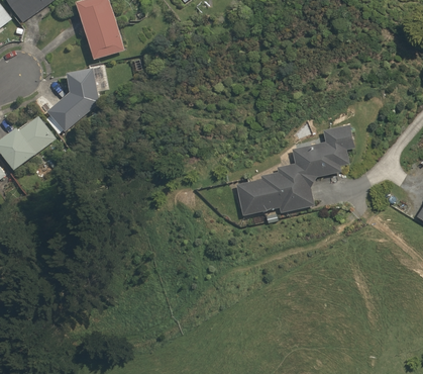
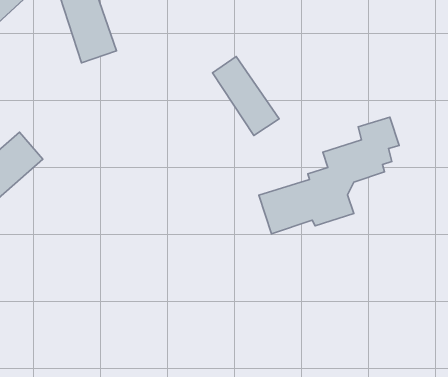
building: none -> [212,56,279,135]
building: [46,66,108,132] -> none

